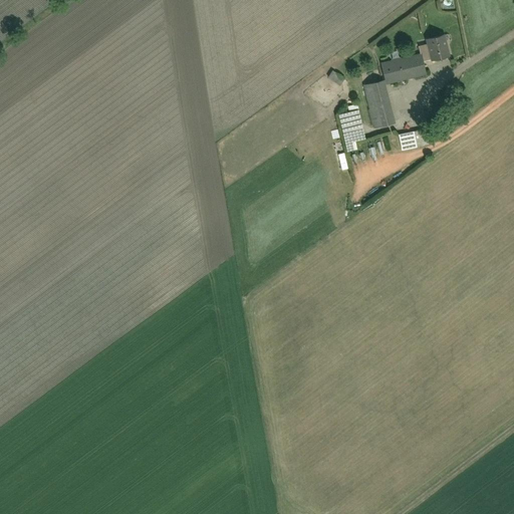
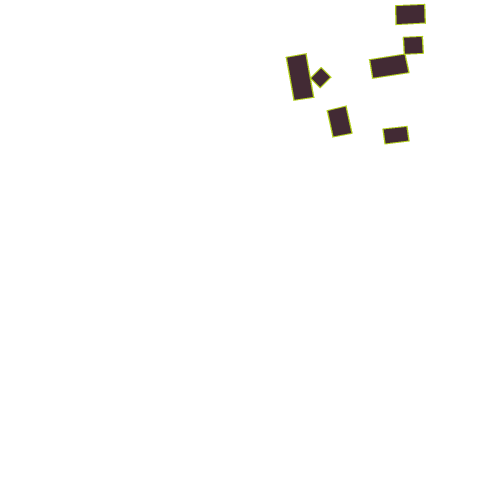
building: none -> [396,4,425,25]
building: [364,81,394,130] -> [286,54,314,100]

